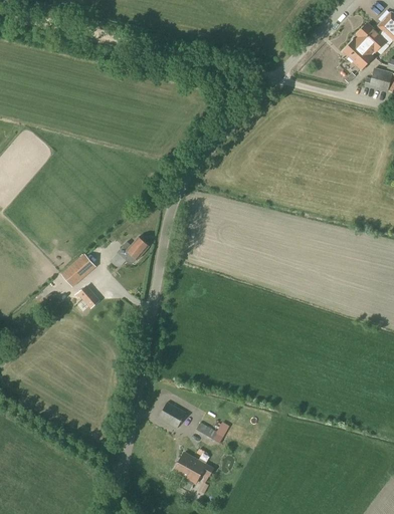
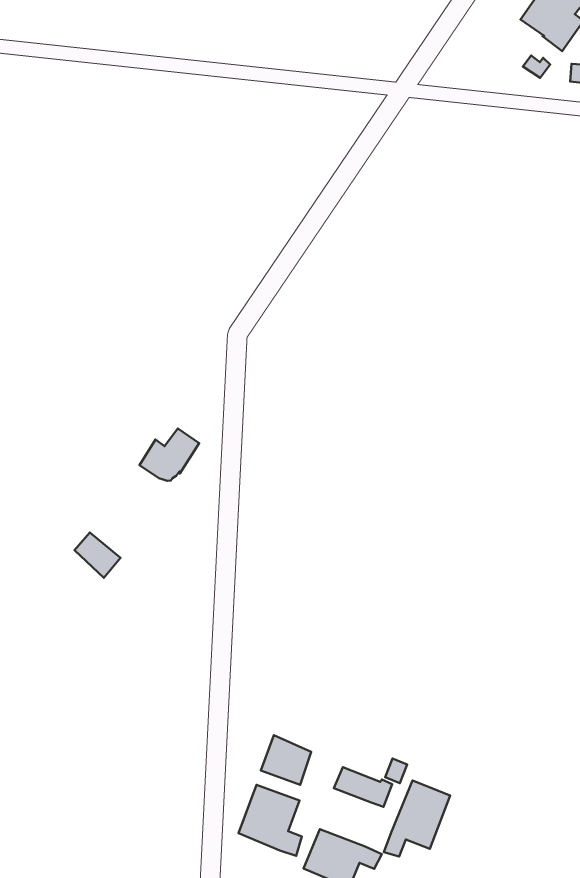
building: [61,253,96,287] -> none
building: none -> [238,785,302,856]
building: none -> [384,781,450,856]

